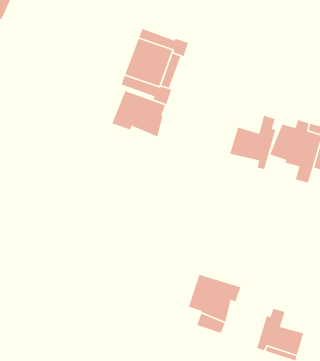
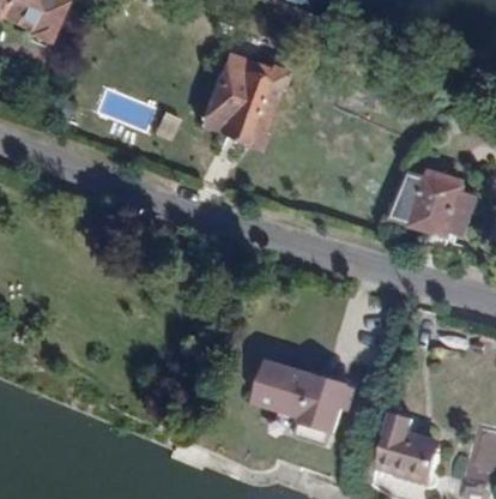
building: [111,90,166,137] -> none
building: [229,115,276,170] -> none
building: none -> [253,359,300,413]

